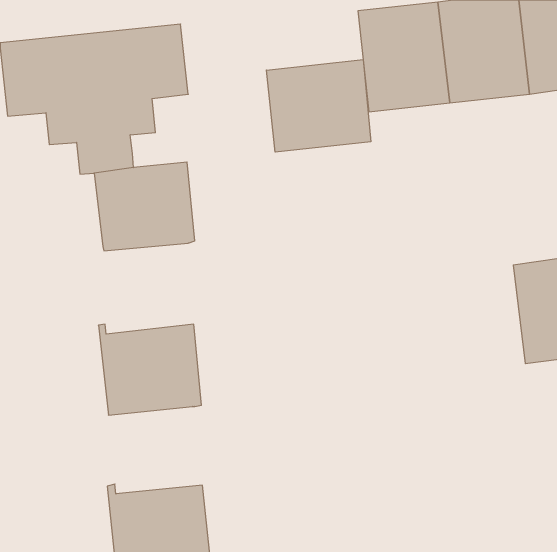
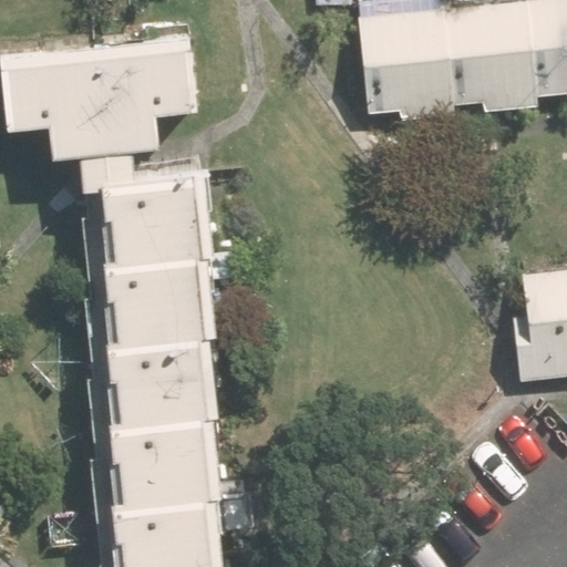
building: [266,60,371,152] -> none
building: none -> [100,254,200,346]
building: none -> [112,419,207,507]

